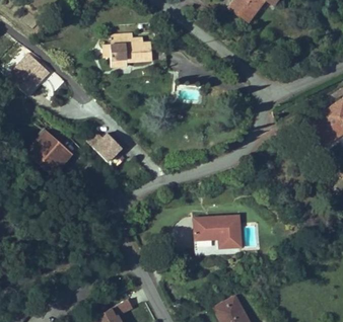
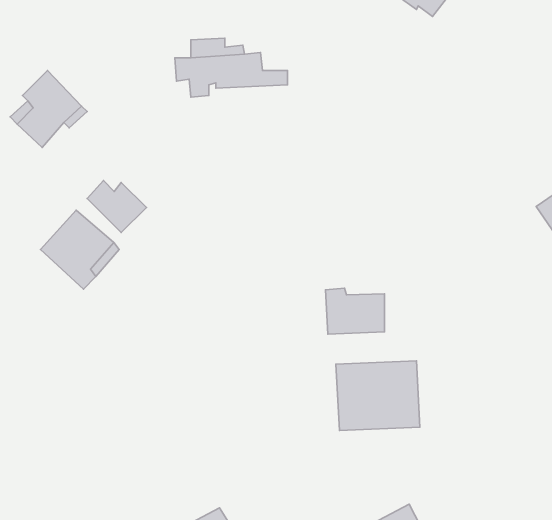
building: [86,133,120,162] -> [87,181,146,233]
building: none -> [326,288,385,334]

